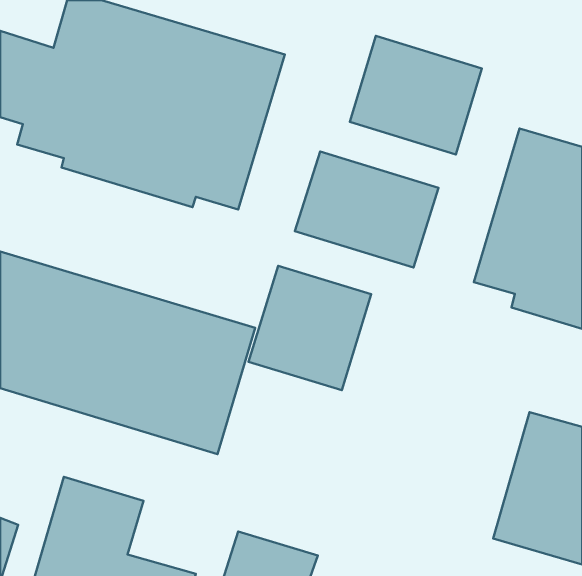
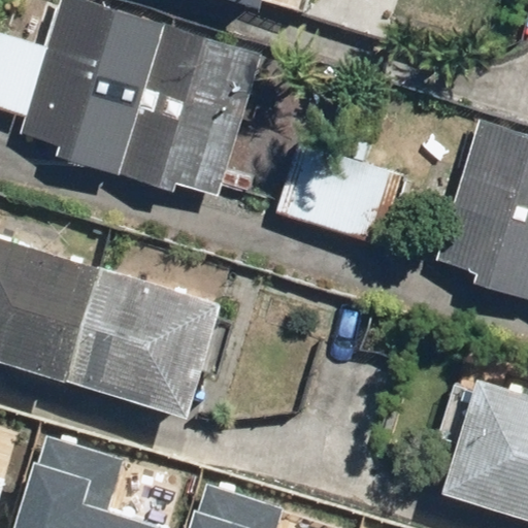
building: [350,36,482,155] -> none
building: [248,266,371,390] -> none

